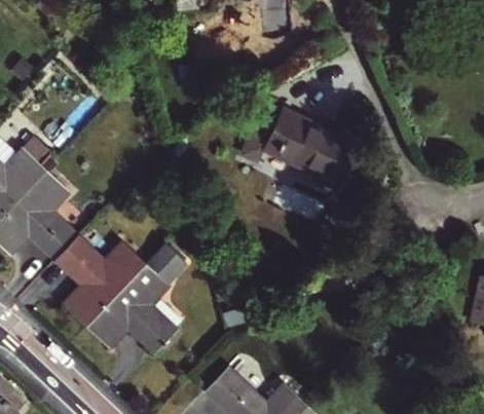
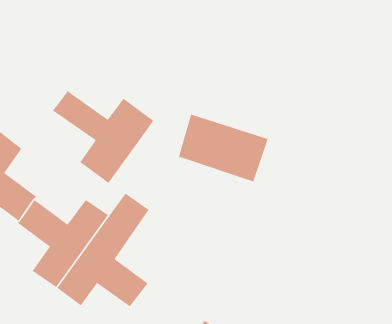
building: [260,110,349,184] -> [178,114,268,182]
building: none -> [52,90,154,184]

